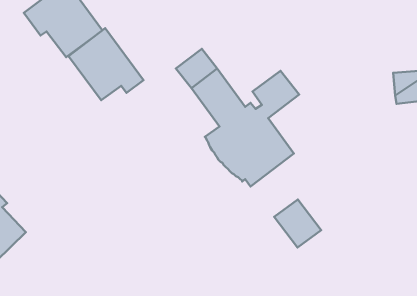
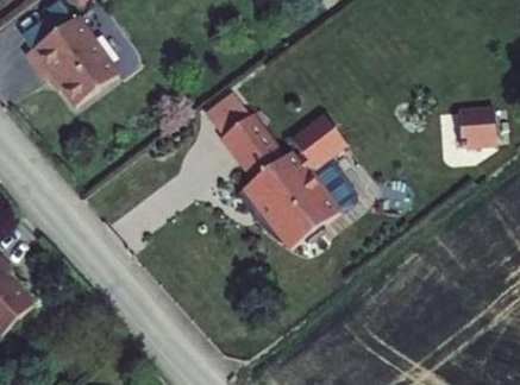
building: [69,28,143,100] -> none
building: [274,199,321,247] -> none

